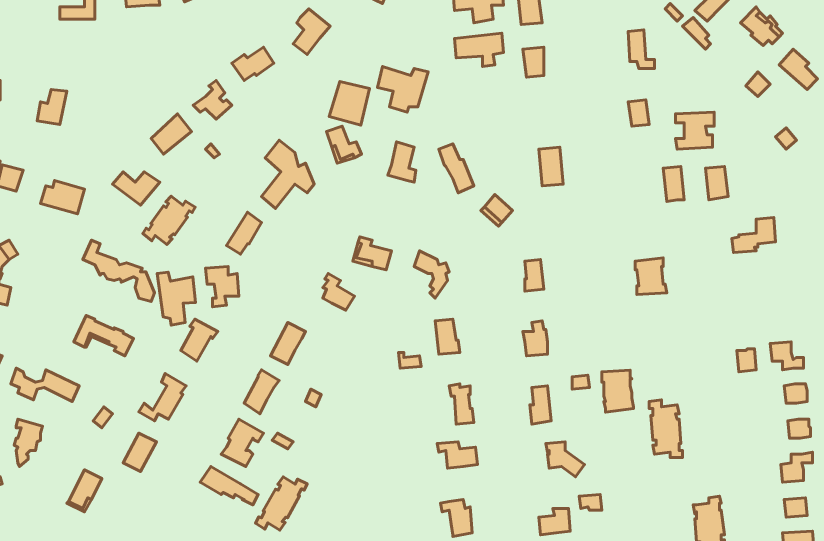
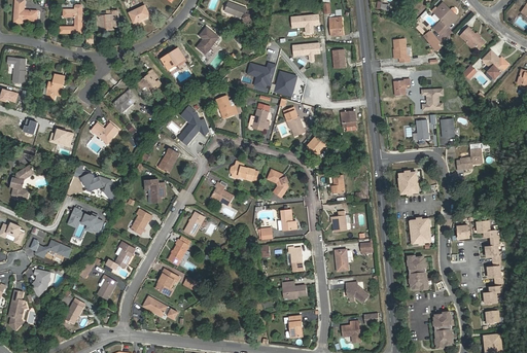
building: [329,81,370,125] -> [274,70,297,96]
building: [143,196,195,245] -> none
building: [157,272,196,325] -> none
building: [602,370,634,412] -> [410,220,428,245]
building: [256,477,307,530] -> none

